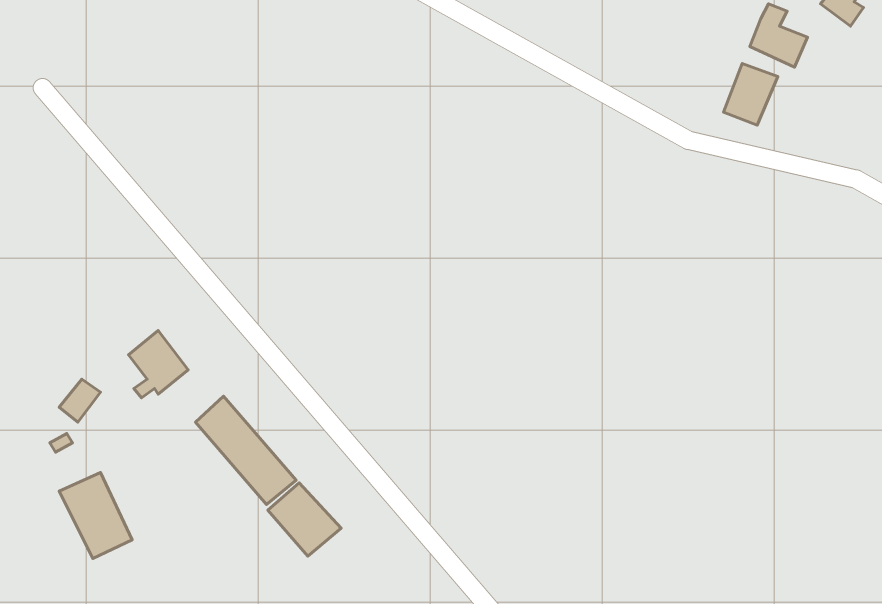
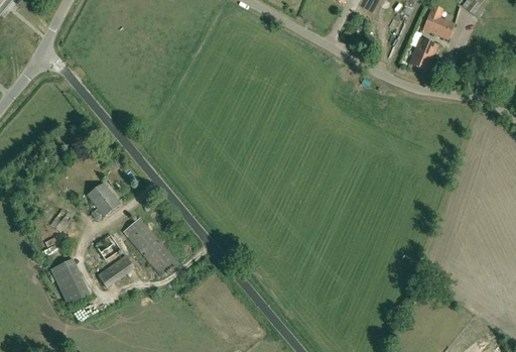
building: none -> [98,255,134,287]
building: [268,483,341,556] -> none

